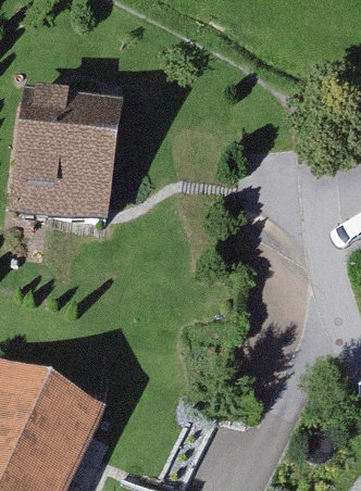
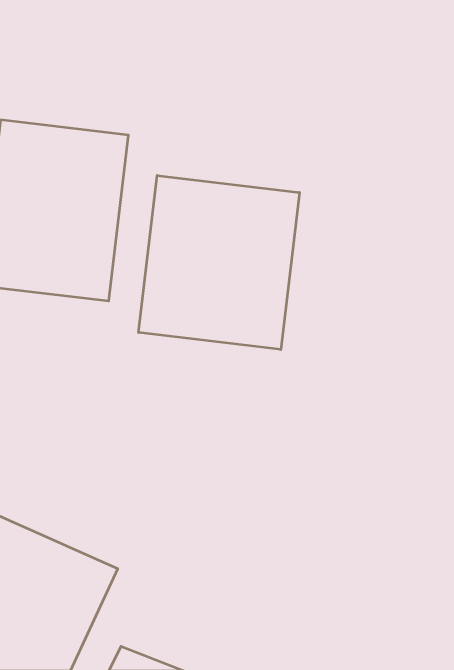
building: none -> [139,175,299,350]

